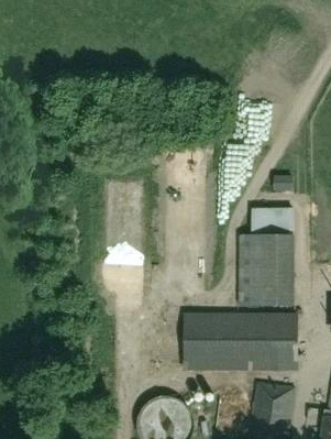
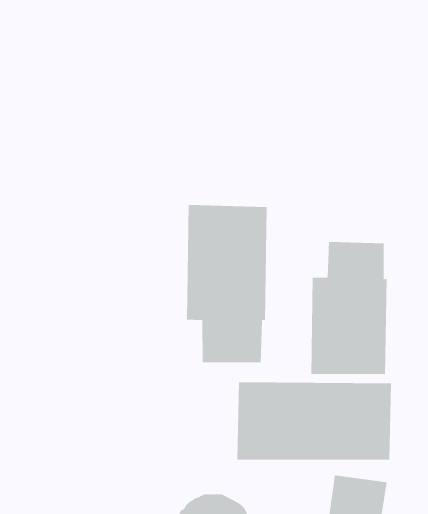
building: none -> [186,204,267,363]

